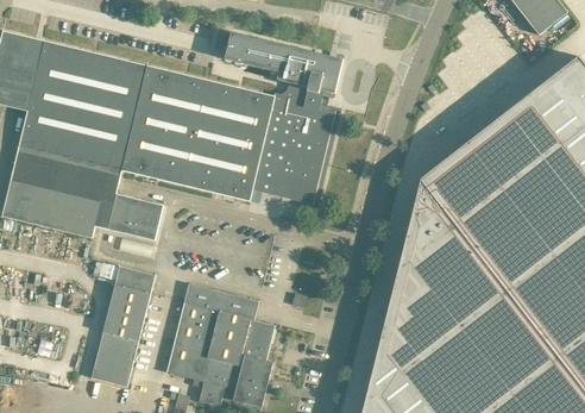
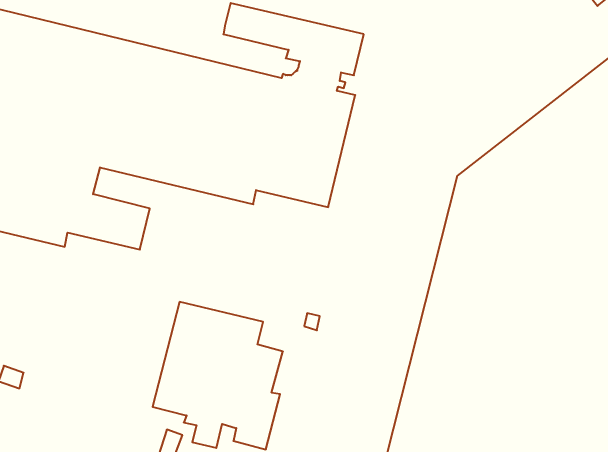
building: [93,263,156,387] -> none

